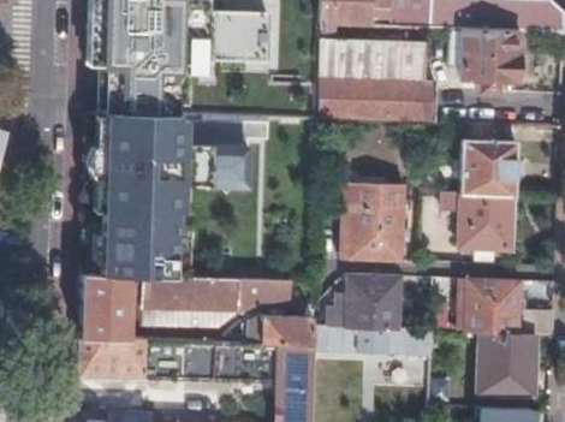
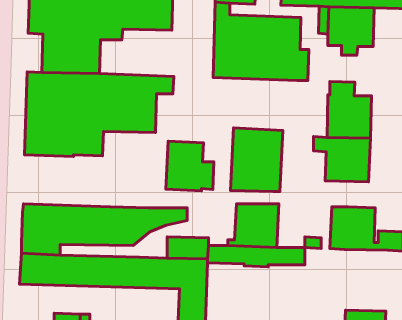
building: none -> [166,141,214,191]
building: [82,214,191,279] -> none
building: [480,332,536,393] -> none

